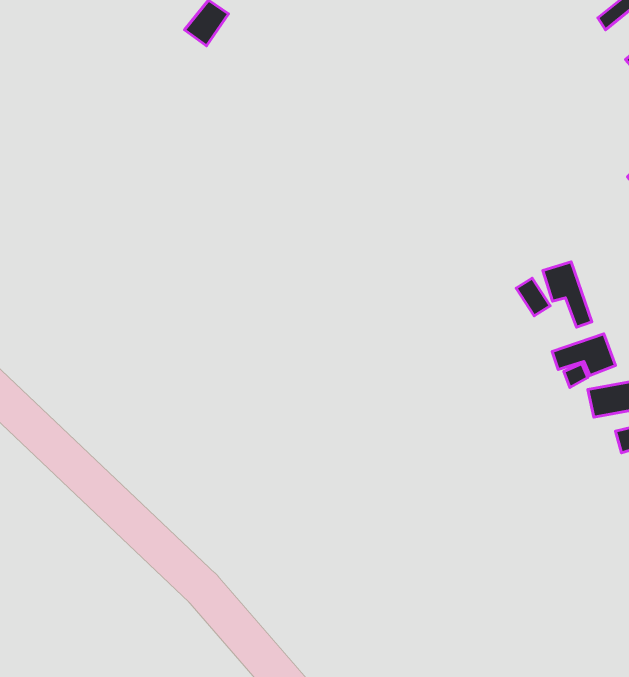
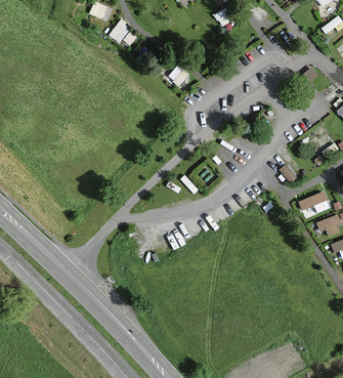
building: [543,262,592,327] -> none

